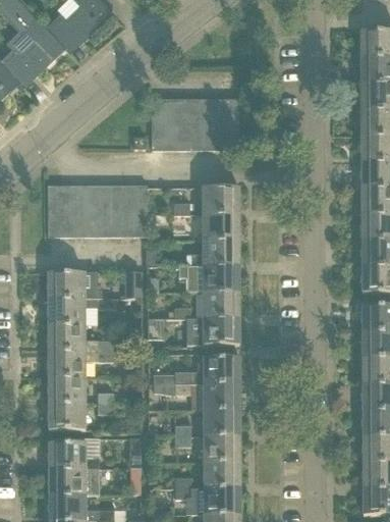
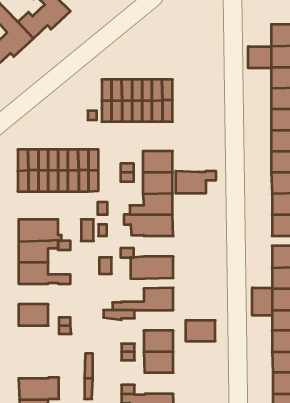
building: none -> [248,46,271,68]
building: none -> [176,171,216,193]
building: [203,293,239,318] -> none
building: [48,351,112,377] -> none
building: none -> [252,288,272,315]
building: [203,384,239,410] -> [186,320,215,341]
building: [48,404,85,430] -> none
building: [48,442,98,469] -> none
building: [204,462,239,488] -> none

